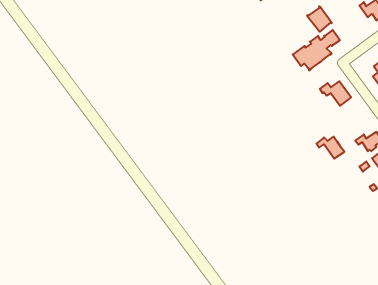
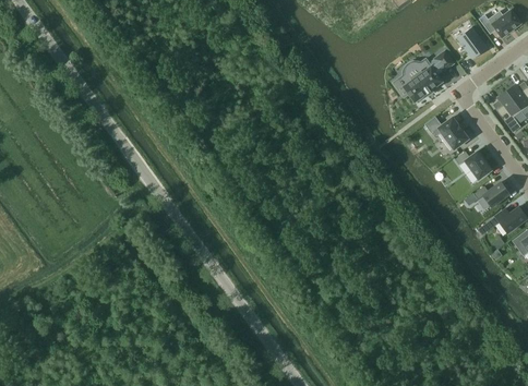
building: [307,7,332,32] -> [456,26,488,59]
building: [316,137,344,159] -> [455,150,491,179]

